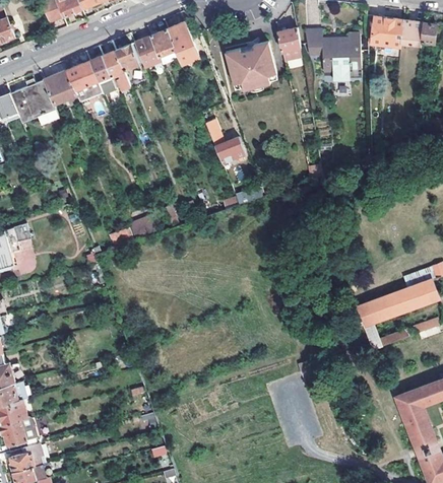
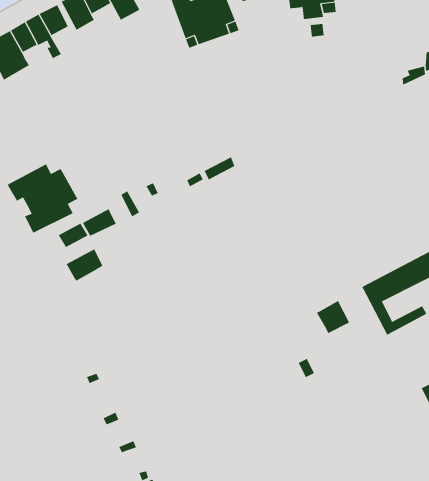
building: [213,137,245,164] -> none
building: none -> [7,164,78,234]
building: none -> [66,249,103,282]
building: none -> [316,300,350,334]

